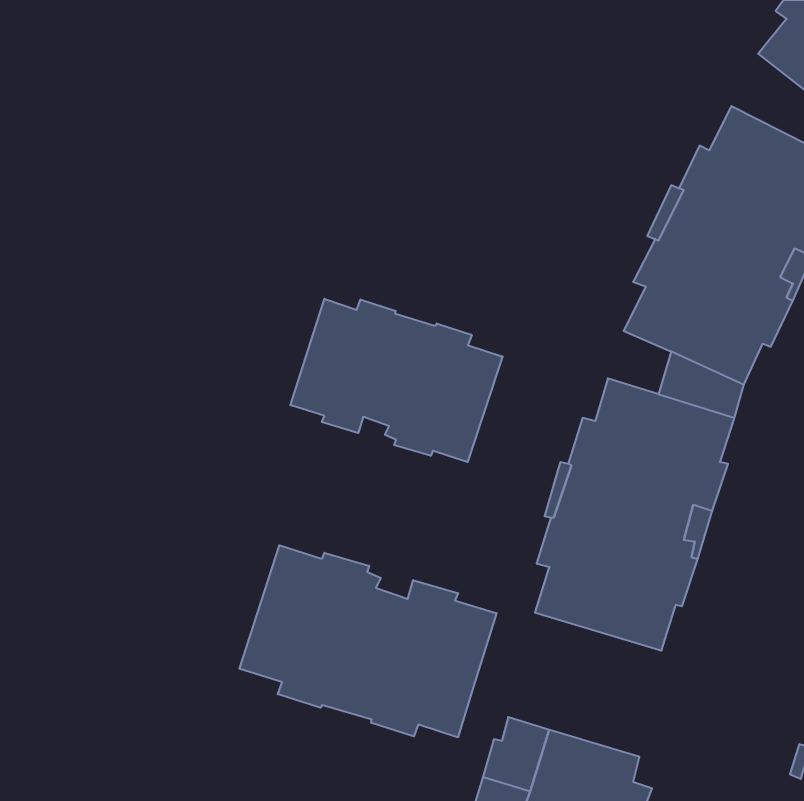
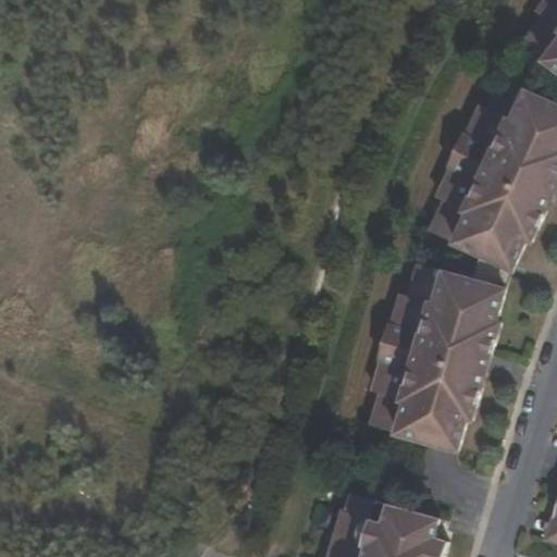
building: [290,299,503,462] -> none
building: [239,545,497,737] -> none

